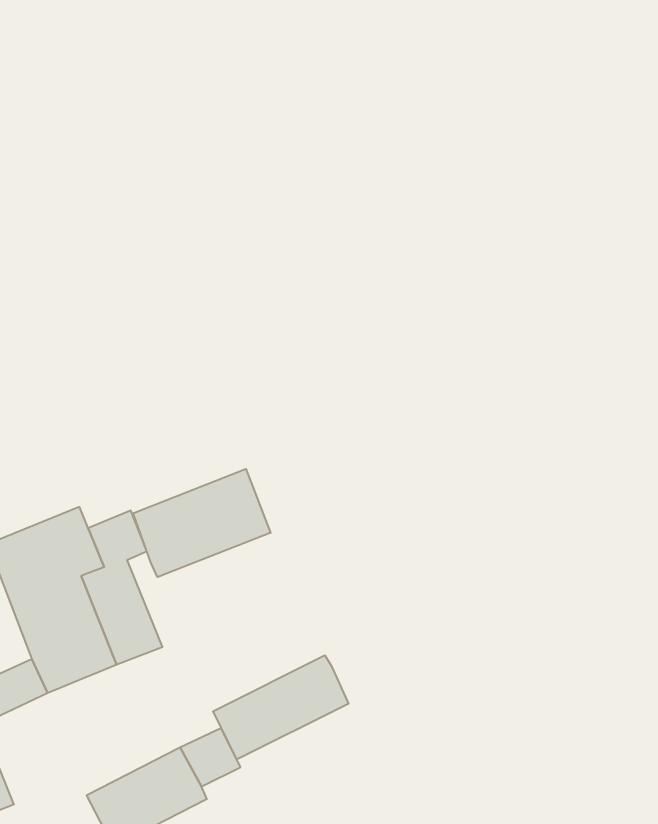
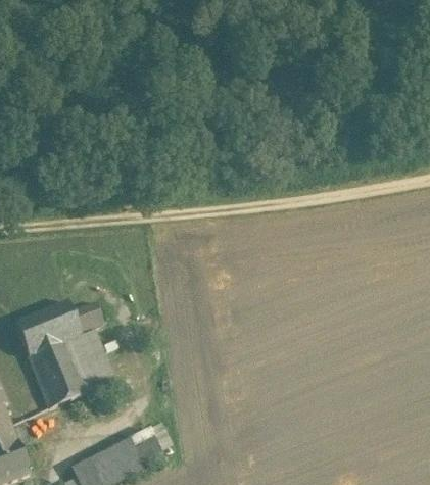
building: [133,469,271,577] -> none
building: [213,655,349,760] -> none

